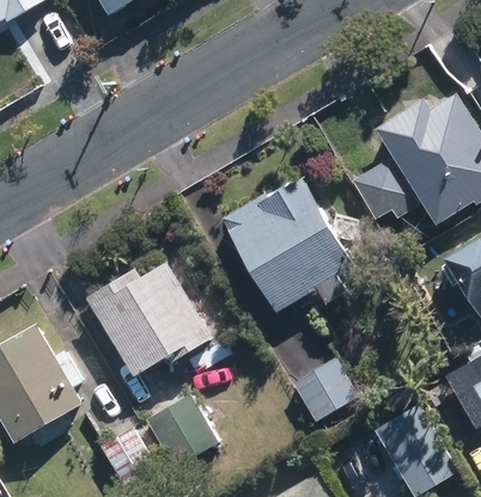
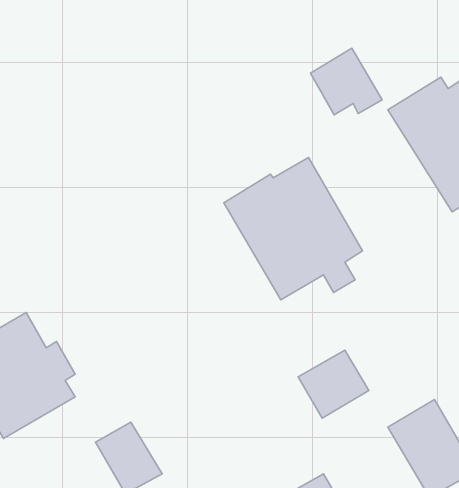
building: [354,159,422,222] -> [310,48,382,115]
building: [84,262,212,376] -> none
building: [145,393,218,468] -> none

